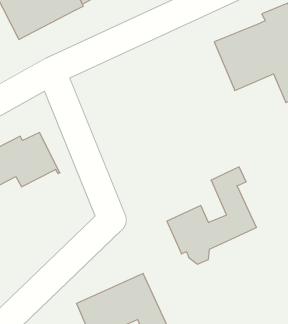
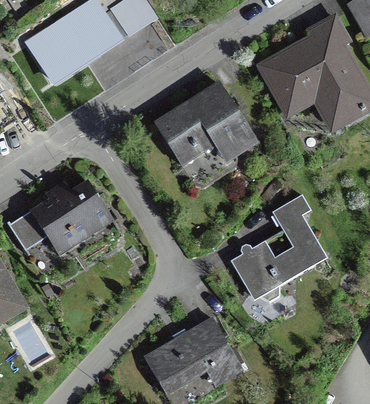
building: none -> [153,77,258,187]

